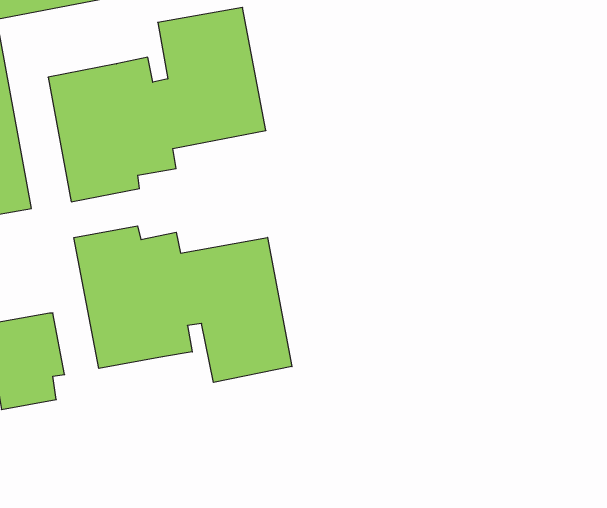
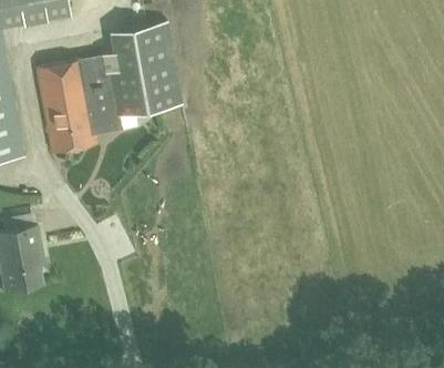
building: [74,226,292,382] -> none

